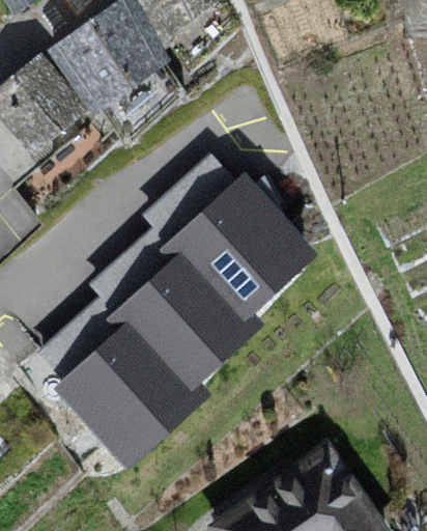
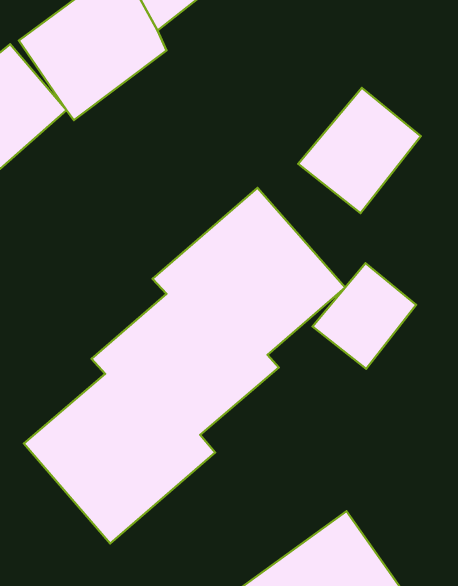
building: none -> [298,88,421,213]
building: none -> [312,263,416,369]

